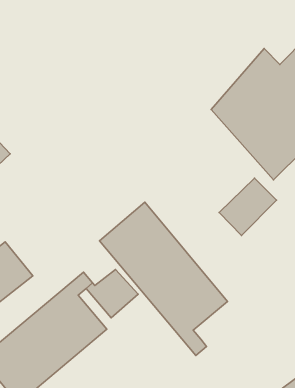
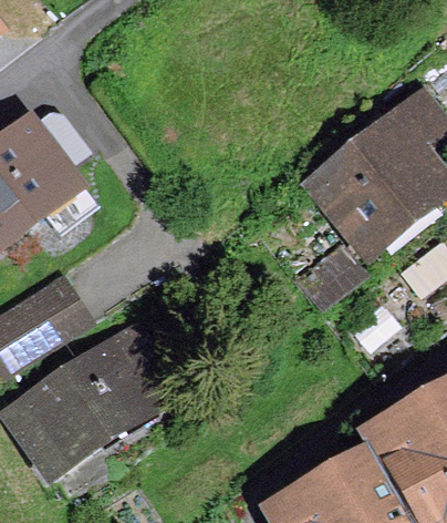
building: [99,202,228,356] -> none

